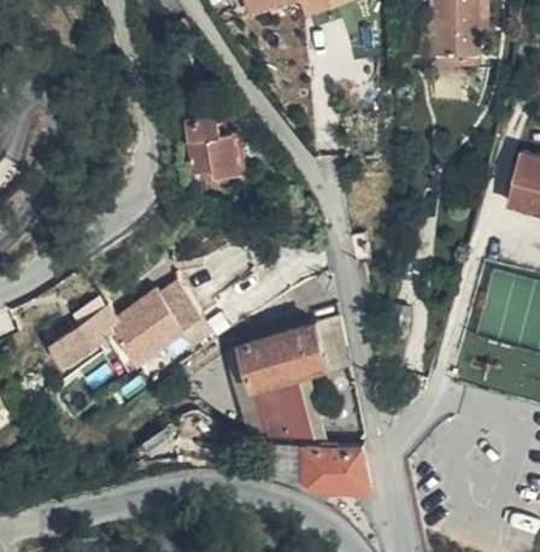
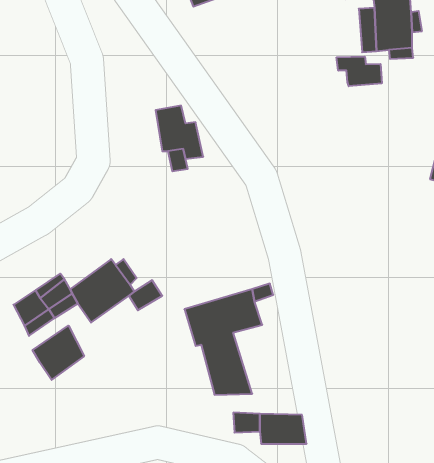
building: none -> [337,57,382,86]
building: none -> [33,326,84,380]

